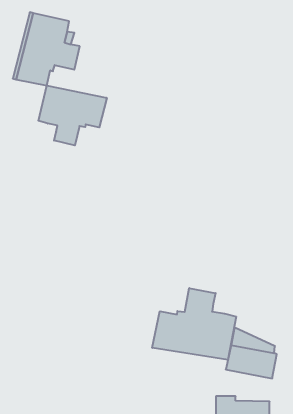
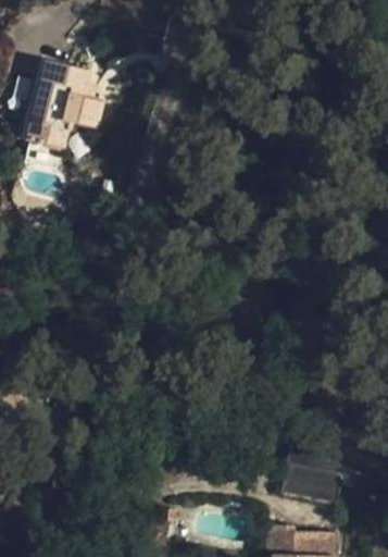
building: [38,86,107,145] -> none
building: [152,288,236,360] -> none

